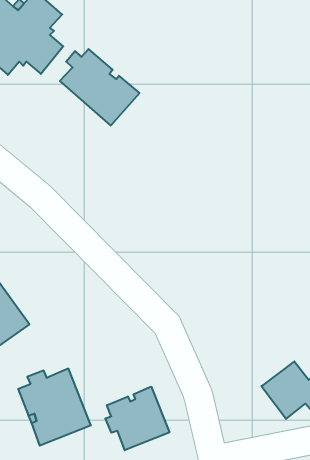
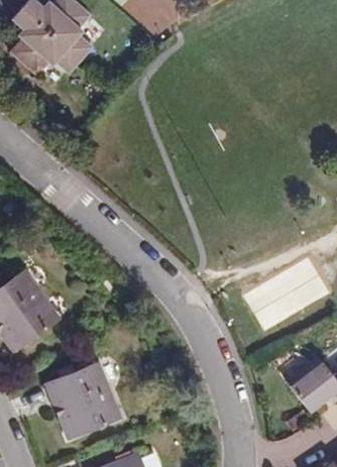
building: [60,49,139,126] -> none
building: [105,387,169,450] -> none

